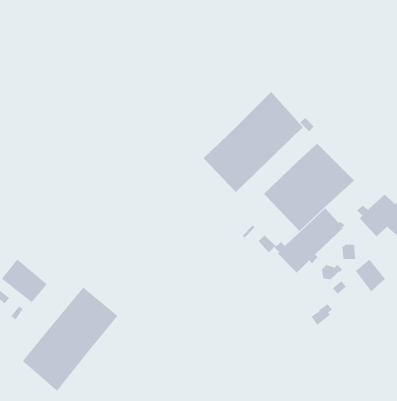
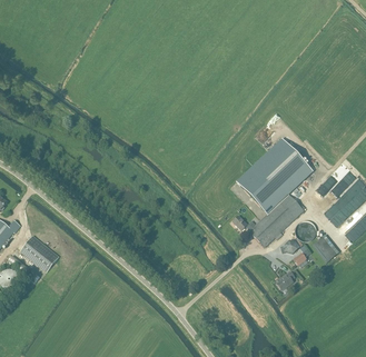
building: [203,91,304,193] -> none
building: [22,286,118,392] -> none

